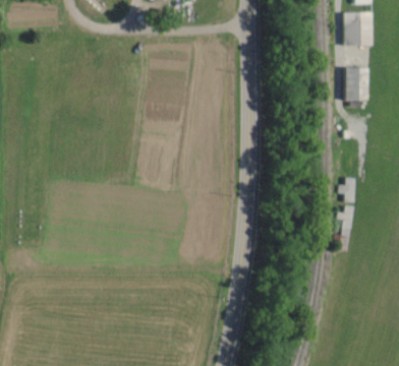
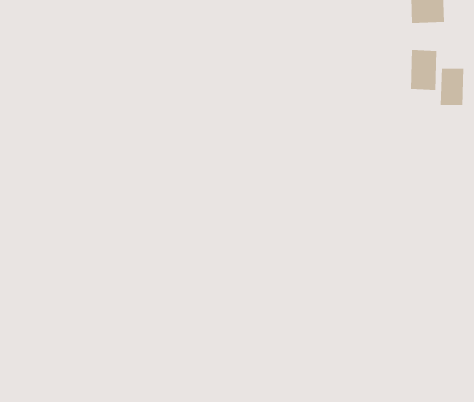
building: none -> [440,68,464,106]

